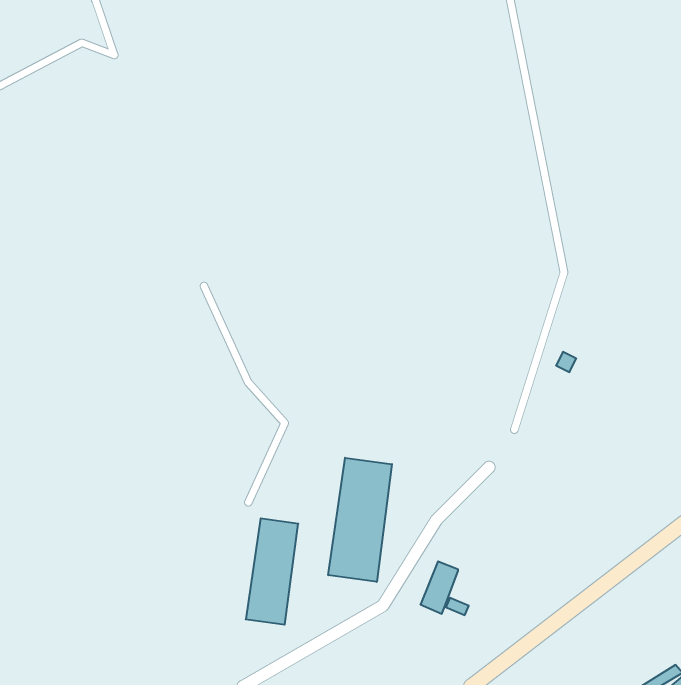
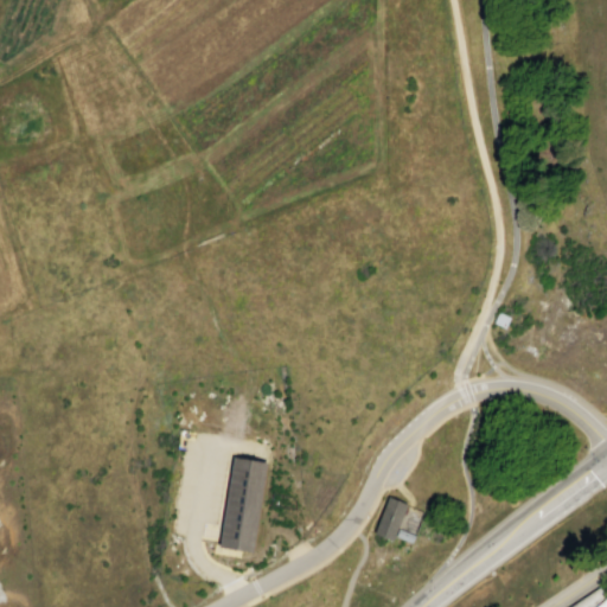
building: [328,458,392,582] -> none

